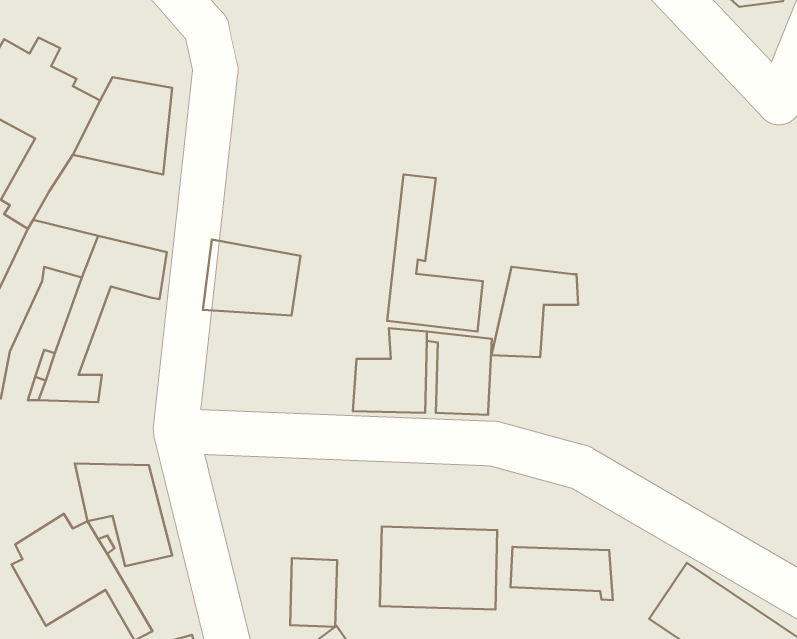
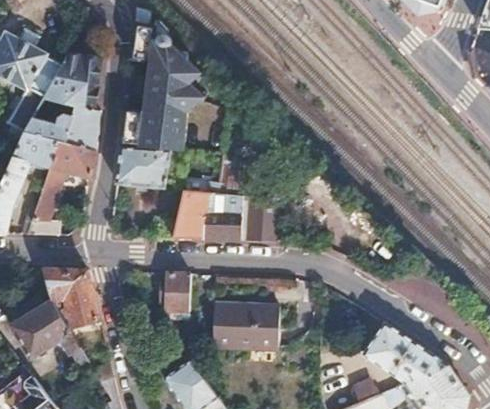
building: none -> [131,23,196,92]
building: none -> [122,100,186,156]
building: none -> [23,104,102,152]
building: [492,267,578,357] -> [173,190,221,240]
building: [510,547,613,600] -> none
building: [290,558,337,627] -> [165,273,191,311]

